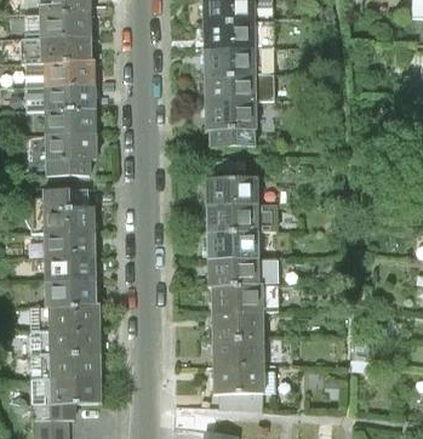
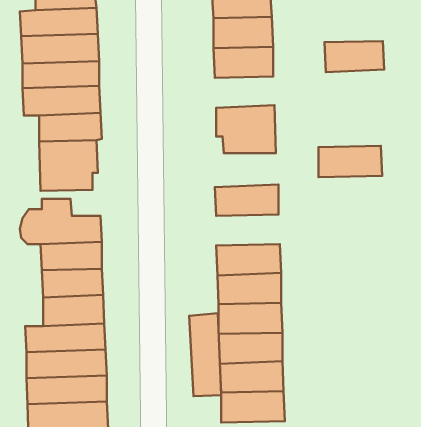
building: [204,73,259,102] -> [324,41,384,72]
building: [205,201,264,230] -> [319,146,382,177]
building: none -> [189,313,221,396]

